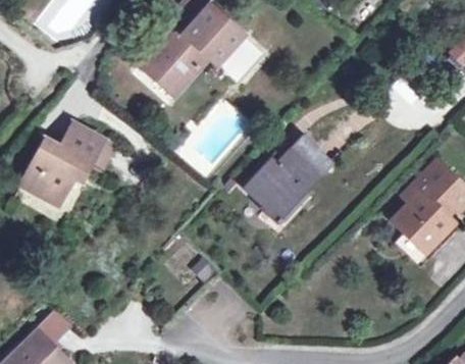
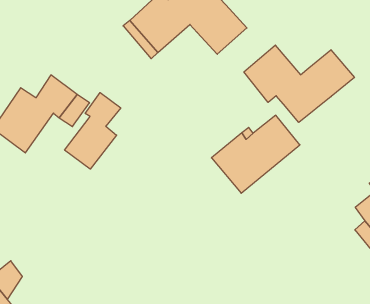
building: none -> [244,45,354,122]
building: none -> [65,93,121,169]

